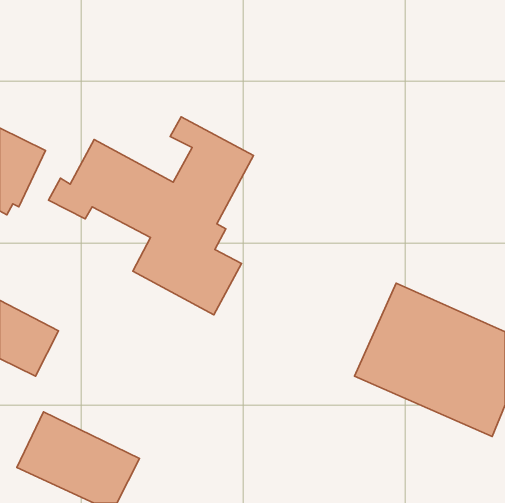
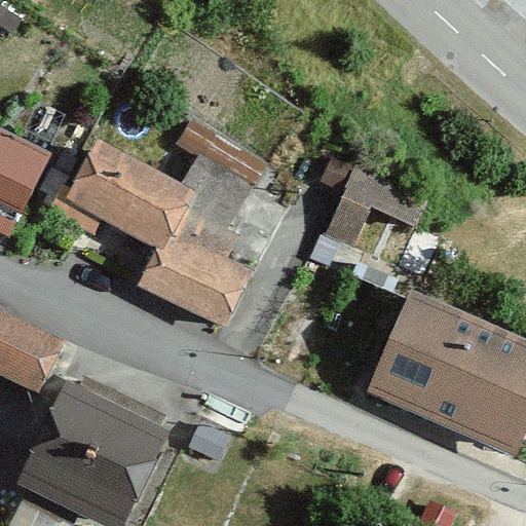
building: none -> [327,166,441,274]
building: none -> [45,377,165,476]

